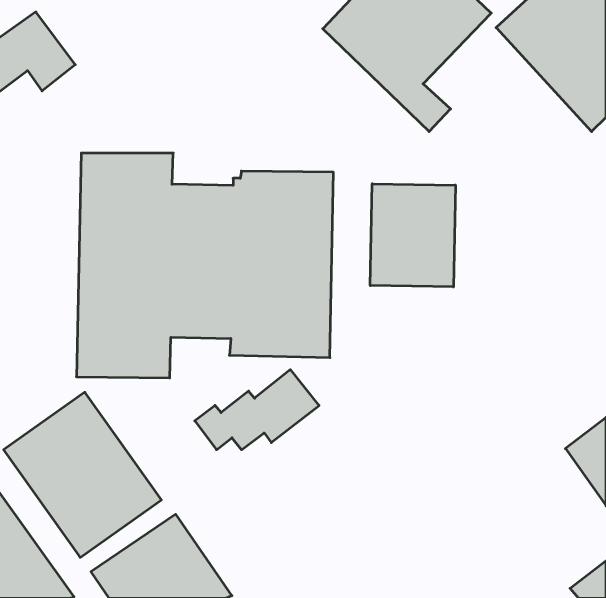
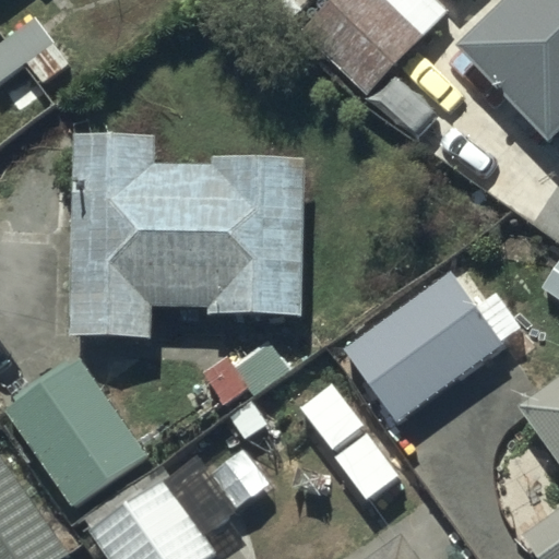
building: [370,184,455,287] -> none
building: none -> [340,270,520,427]

